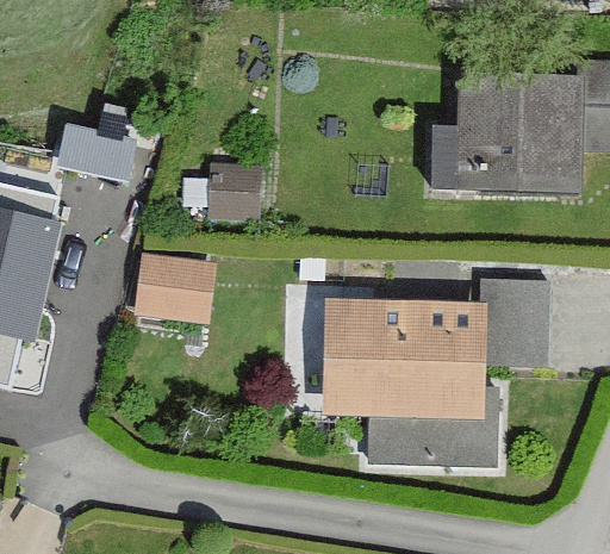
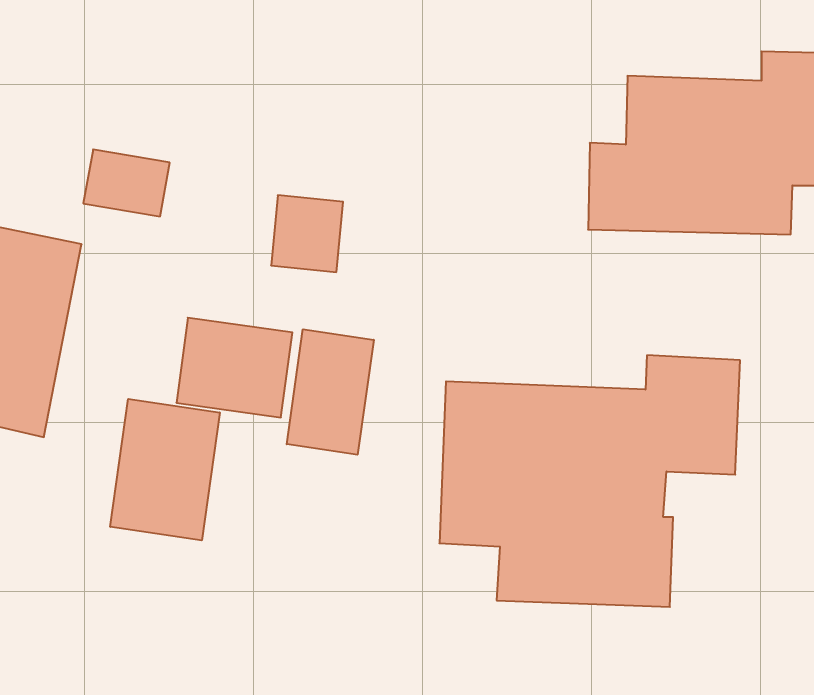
building: none -> [287,329,374,455]
building: none -> [110,399,220,540]

